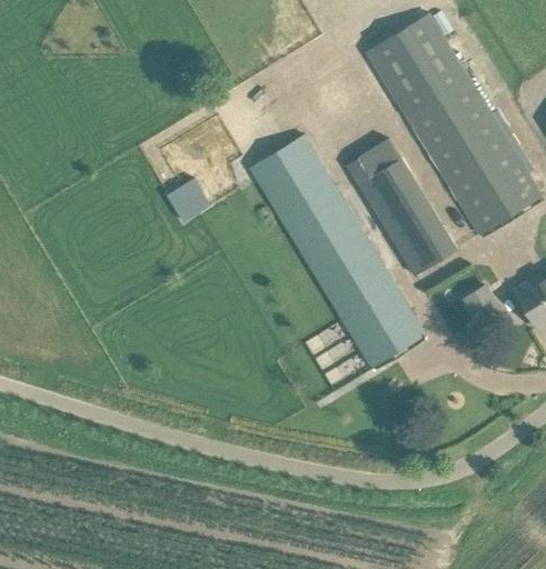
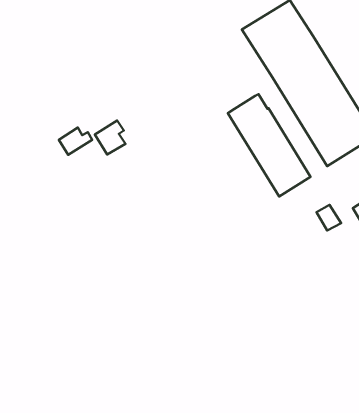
building: [250,136,426,369] -> none
building: none -> [59,127,92,155]

